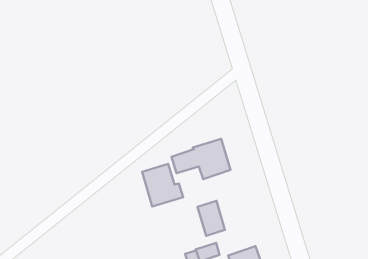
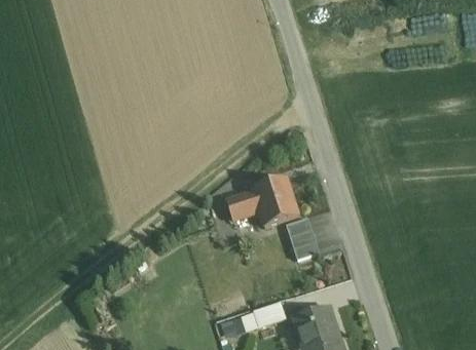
building: [142,164,183,206] -> none
building: [197,201,225,236] -> [288,215,321,257]

